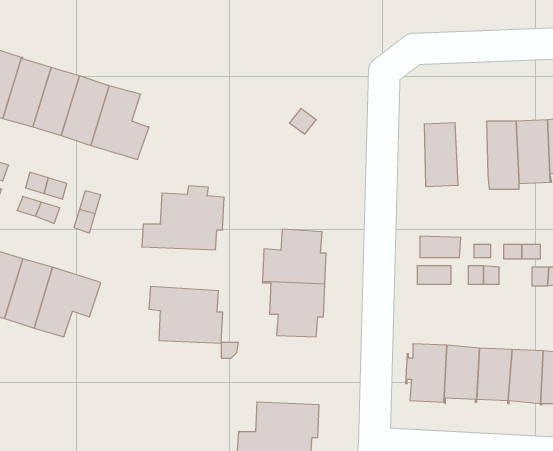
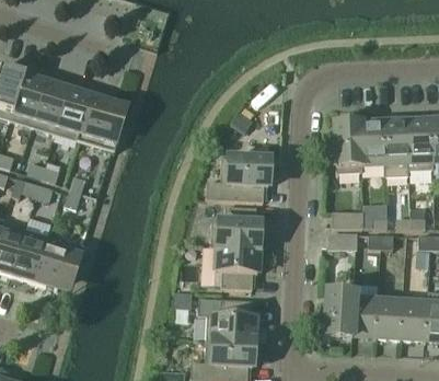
building: none -> [360,123,385,172]
building: [142,186,224,250] -> [207,152,270,201]
building: [149,286,223,343] -> [199,298,256,342]

